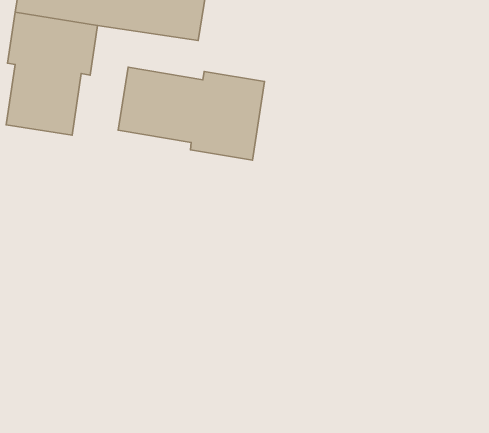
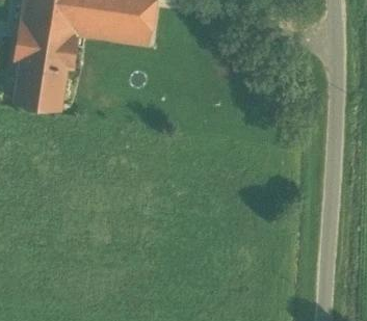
building: [118,67,265,160] -> none

